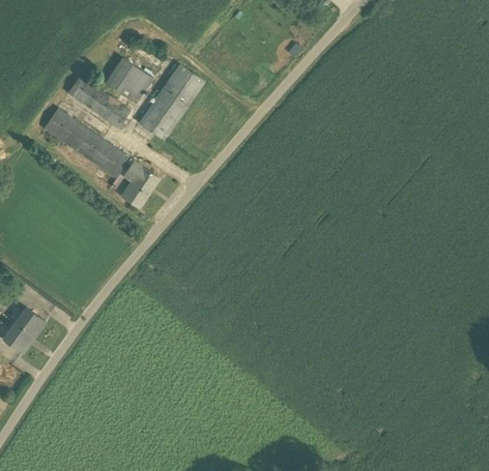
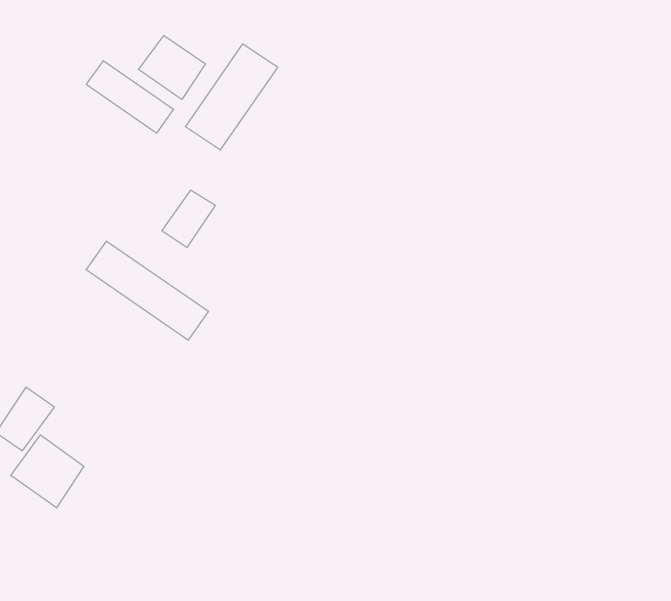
building: [42,108,128,178] -> [86,241,209,340]
building: none -> [11,435,84,508]

